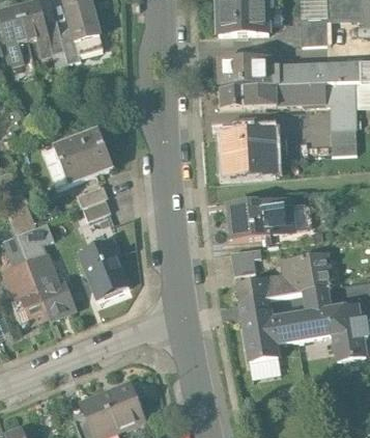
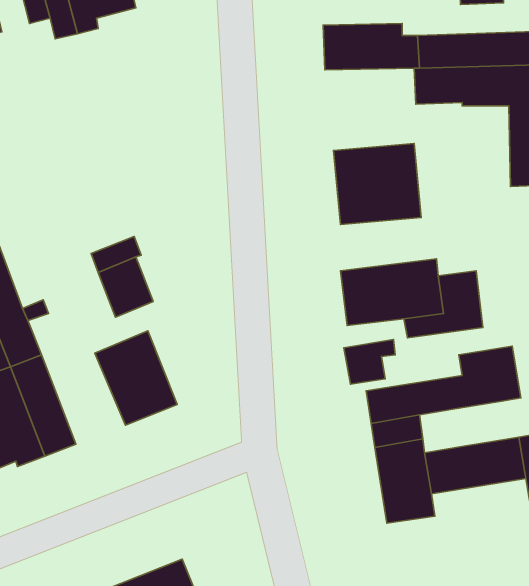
building: [219,83,274,106] -> none
building: [55,128,114,184] -> none
building: [300,284,330,311] -> none

